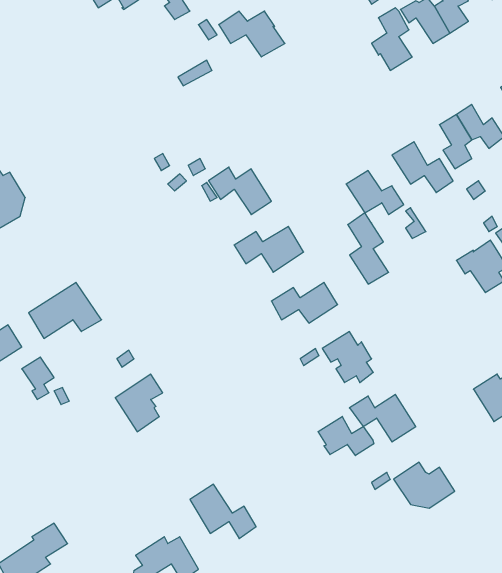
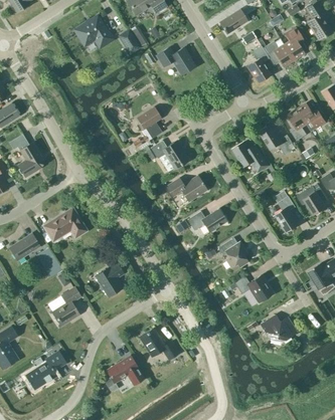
building: none -> [136,107,161,139]
building: [348,213,389,284] -> [274,190,298,232]
building: none -> [51,286,80,326]
building: [318,416,374,456] -> none

